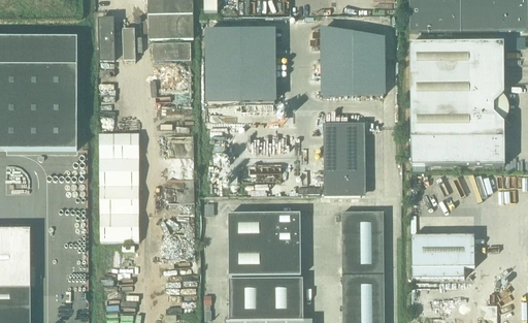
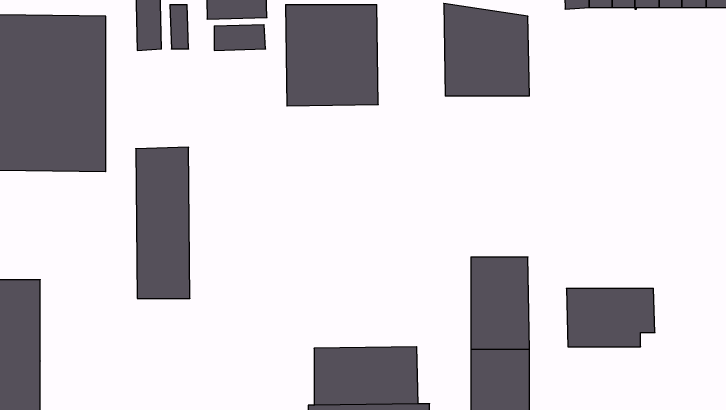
building: [409,40,504,165] -> none
building: [323,122,365,195] -> none
building: [228,211,300,273] -> none

